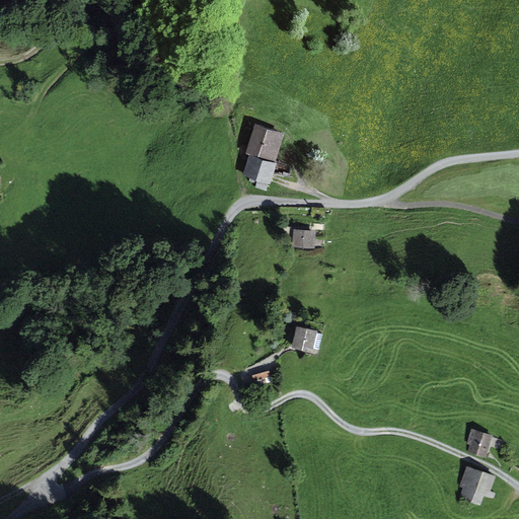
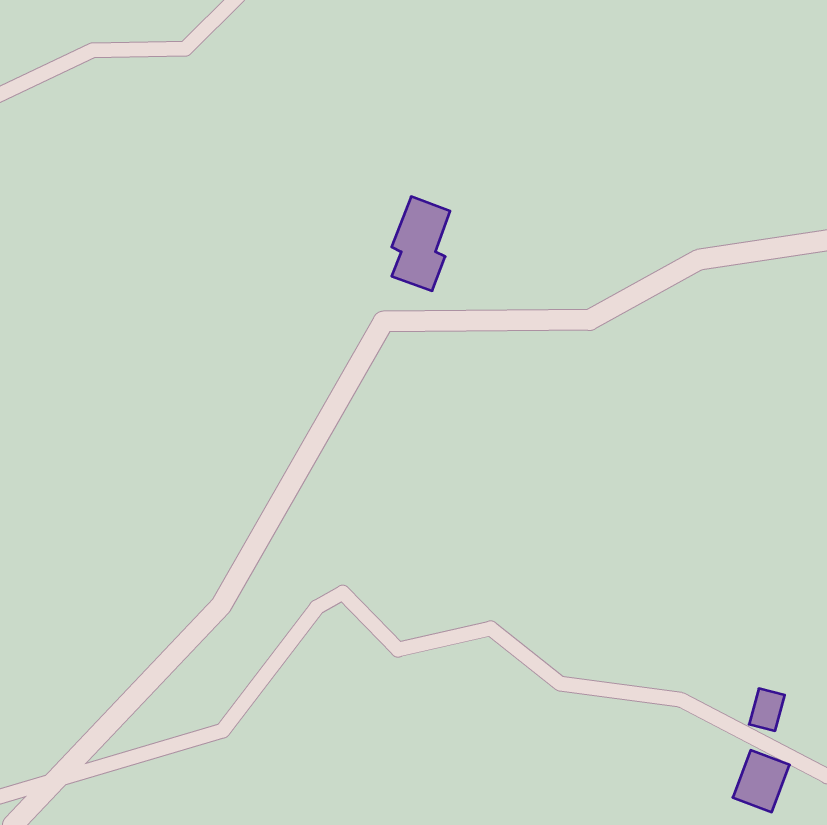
building: [288,227,313,248] -> none
building: [292,323,315,350] -> none

